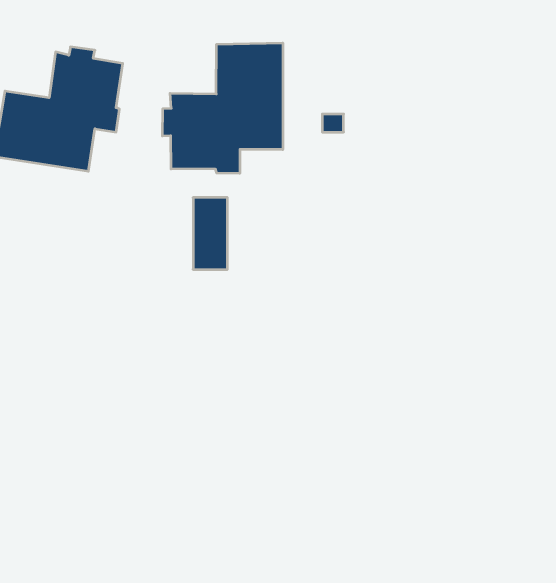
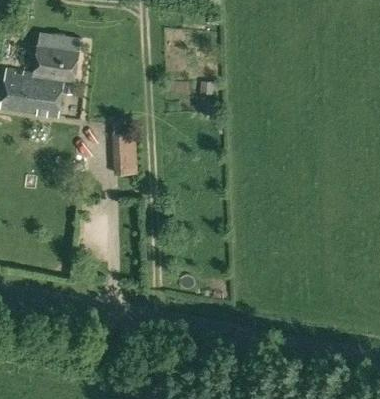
building: [162,43,283,173] -> none

